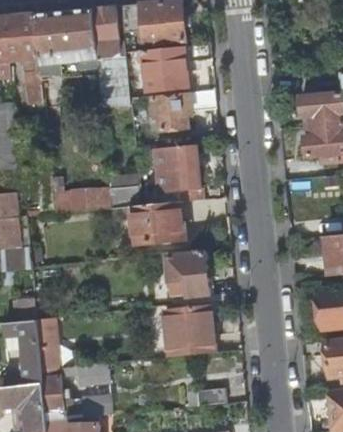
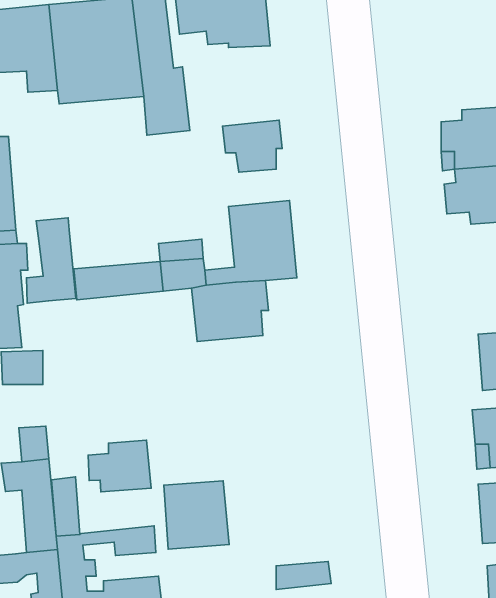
building: [143,48,193,91] -> none
building: none -> [26,218,76,303]
building: [167,248,210,296] -> none
building: [171,306,215,352] -> [164,481,229,549]
building: none -> [88,440,151,492]

